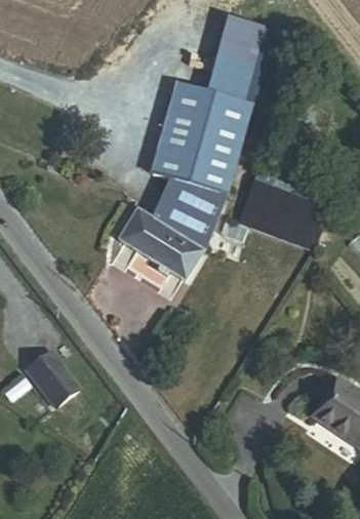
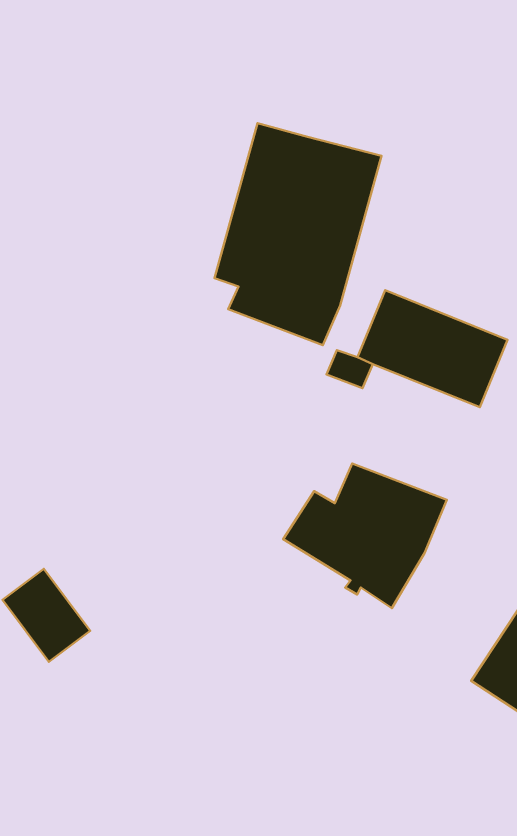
building: [208,19,272,104] -> none
building: [120,195,217,281] -> [283,464,447,608]

